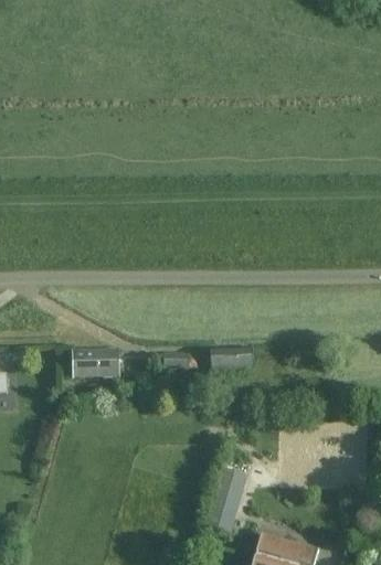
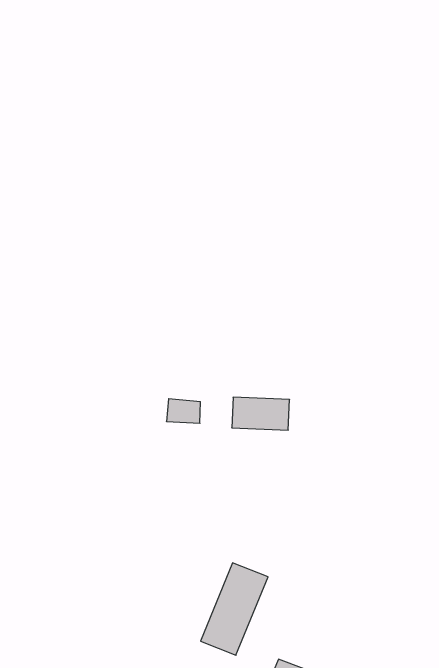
building: [73,351,118,376] -> none

